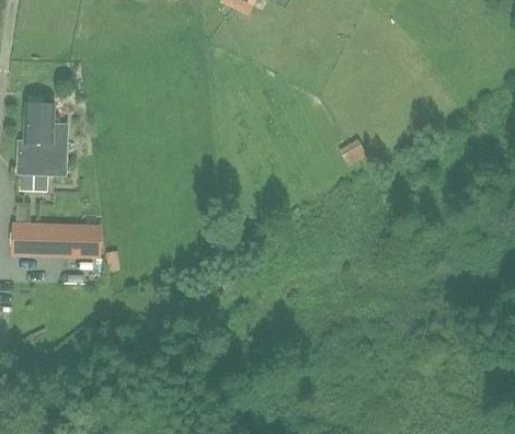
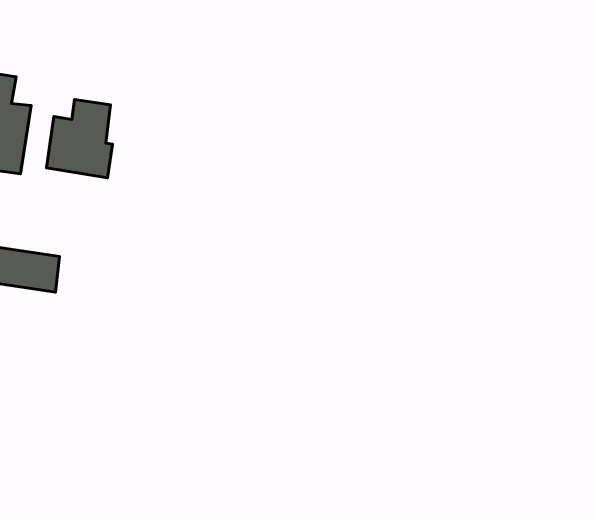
building: none -> [46,99,113,178]

